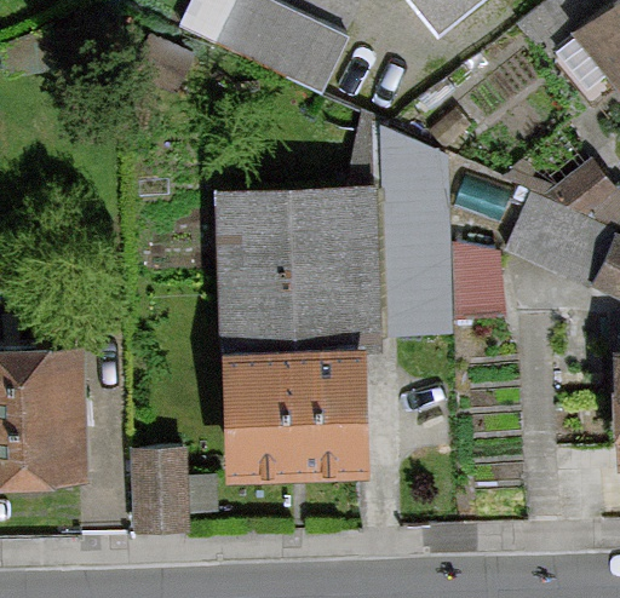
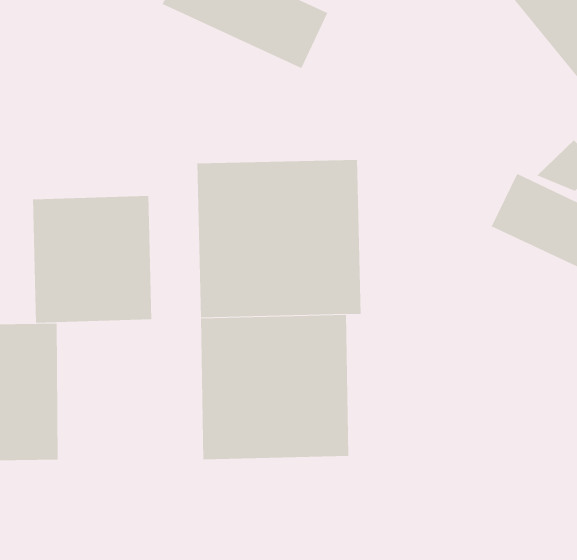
building: [384,128,448,339] -> none
building: none -> [33,195,152,324]
building: [133,447,191,534] -> none

